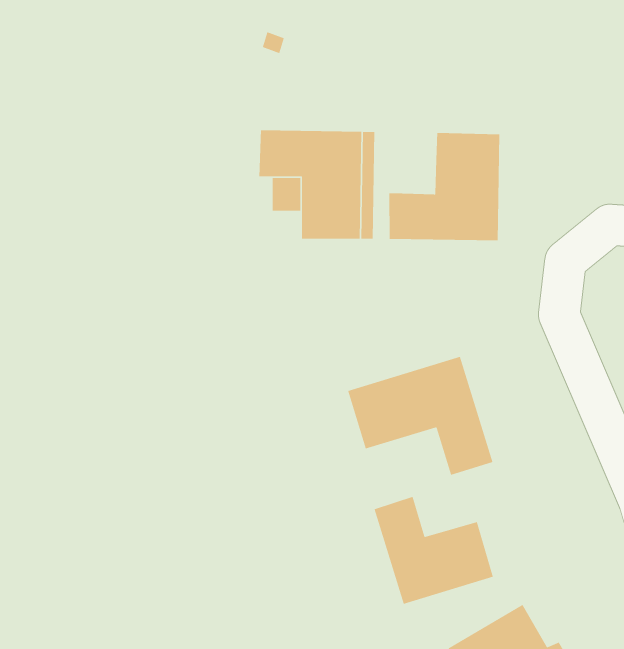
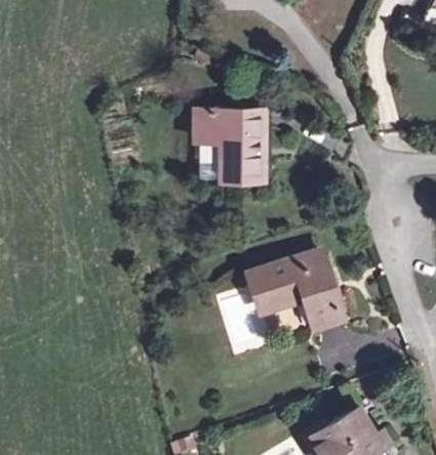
building: [389,132,500,241] -> none
building: [374,496,494,605] -> none

